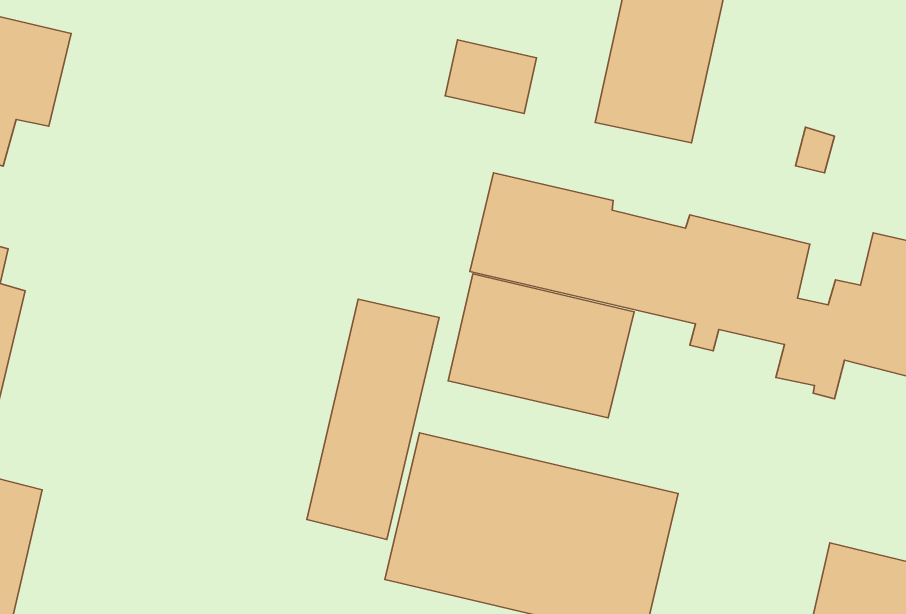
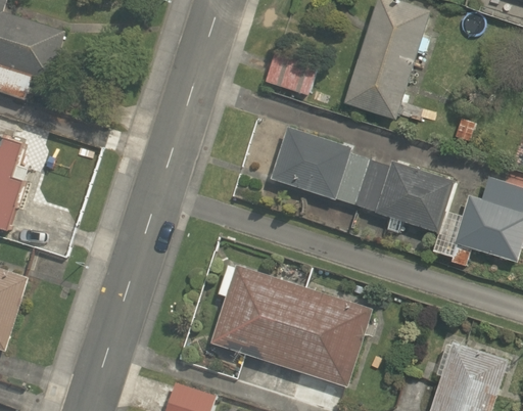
building: [448,274,634,418] -> none
building: [307,299,439,540] -> none

